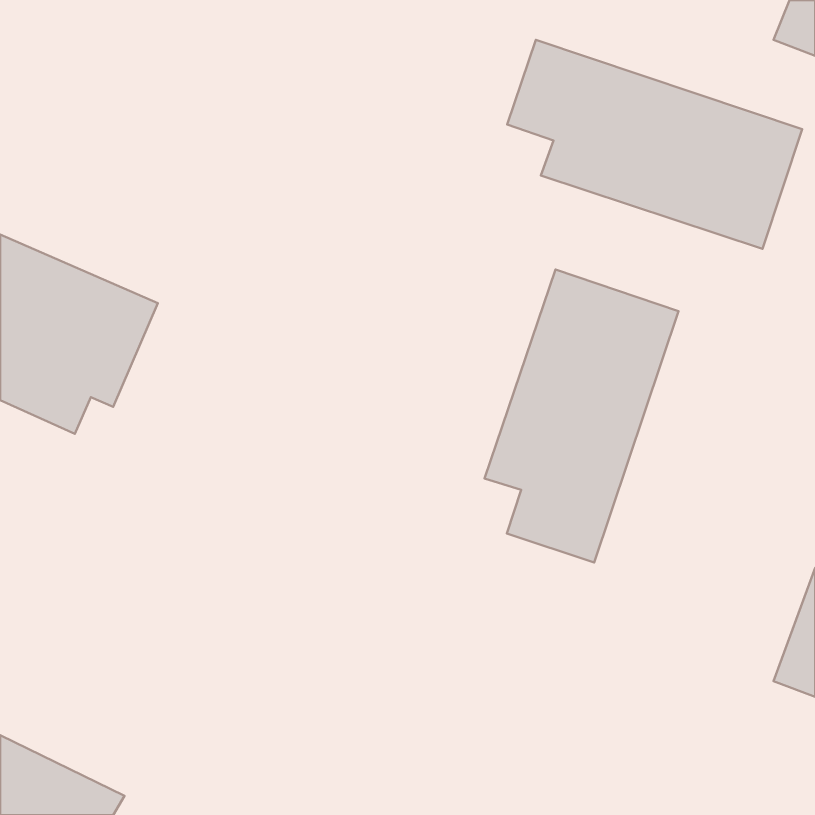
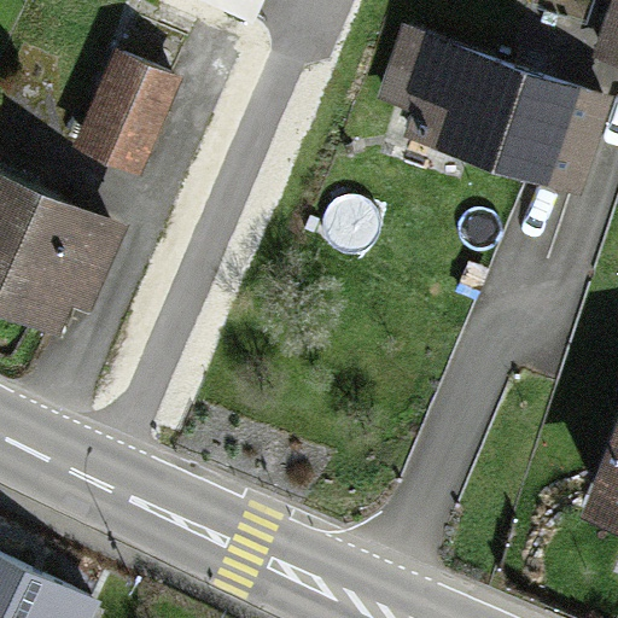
building: none -> [81,58,175,168]
building: [484,270,678,563] -> none

